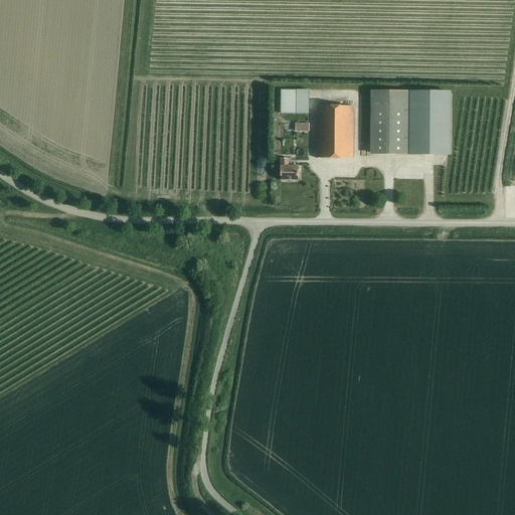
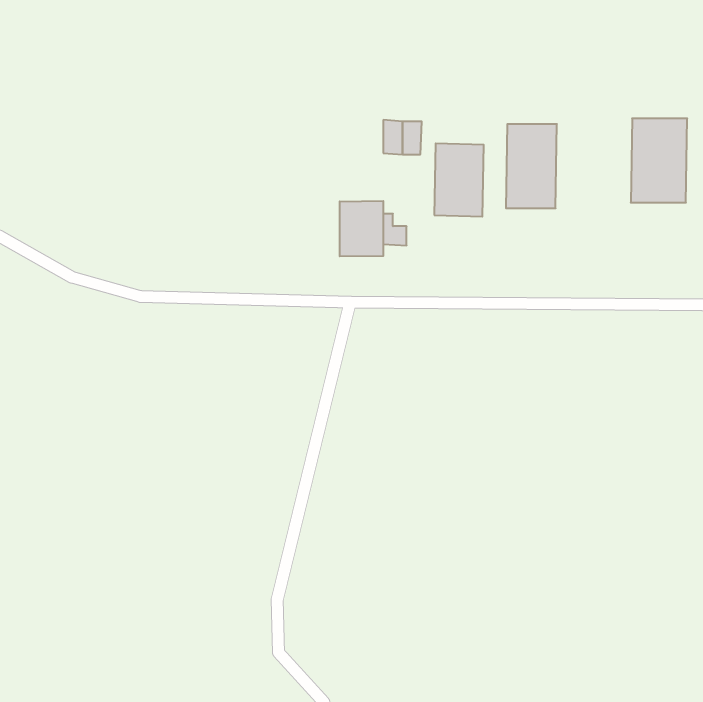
building: [408,91,450,152] -> [631,118,687,203]
building: none -> [340,201,383,256]

